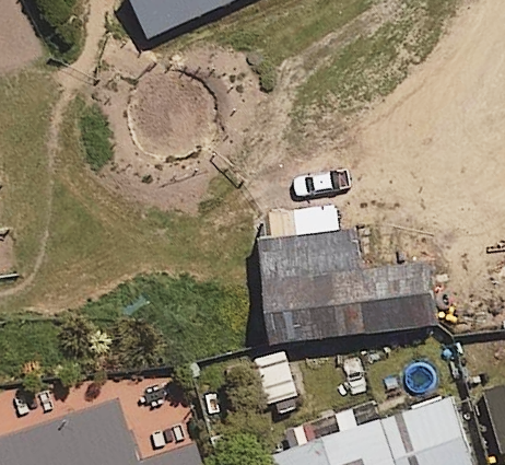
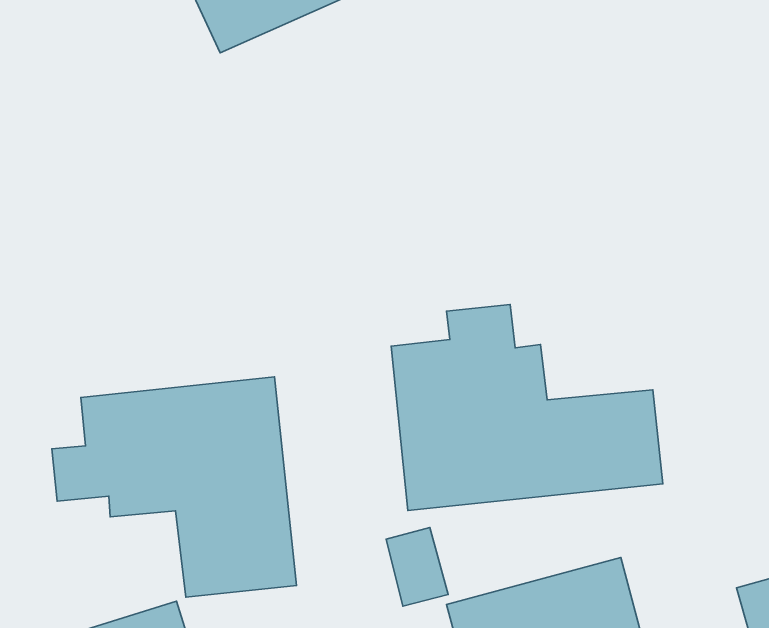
building: none -> [52,377,297,597]

